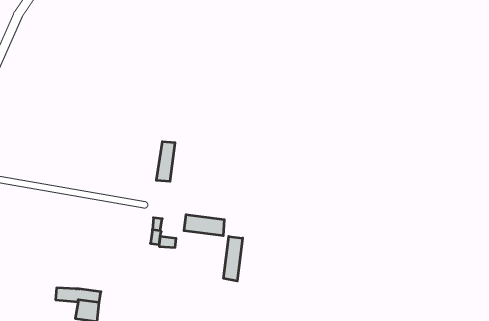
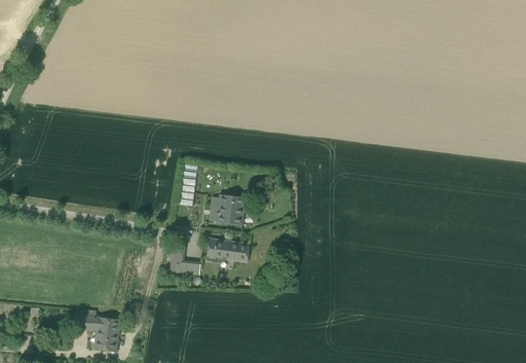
building: none -> [209,194,243,224]
building: [224,236,243,281] -> none

